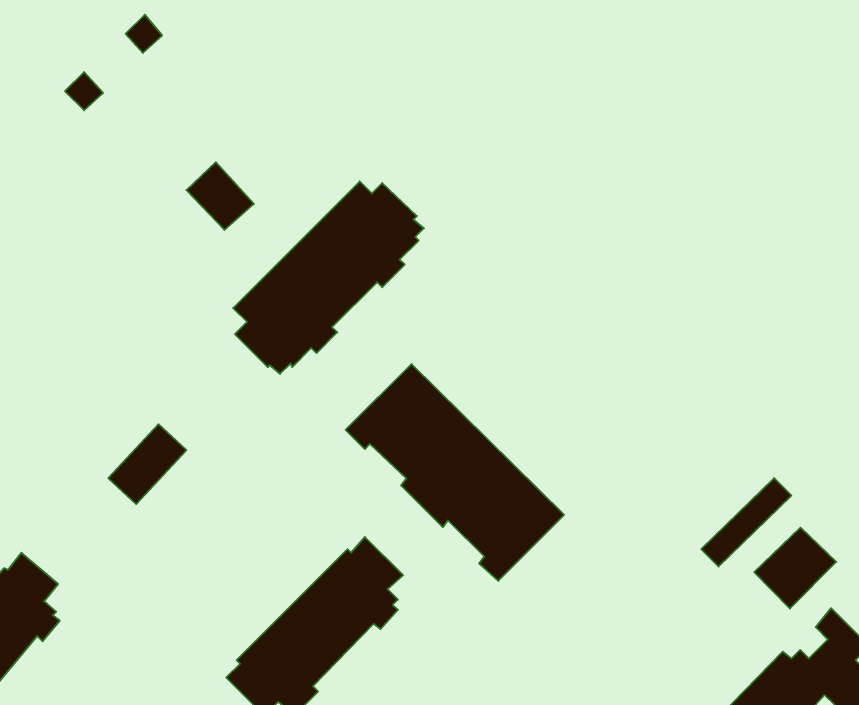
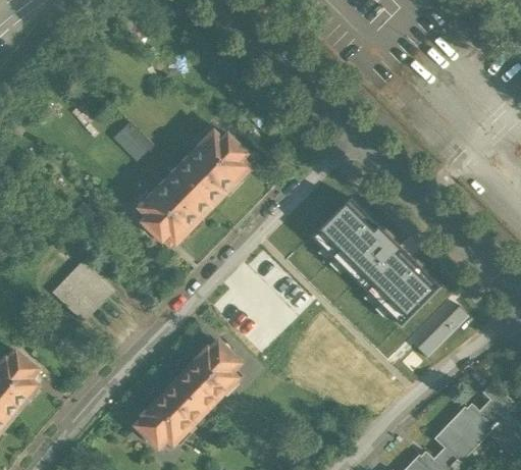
building: [346,364,564,581] -> [310,197,438,324]
building: none -> [51,259,96,305]
building: [754,528,836,609] -> none

